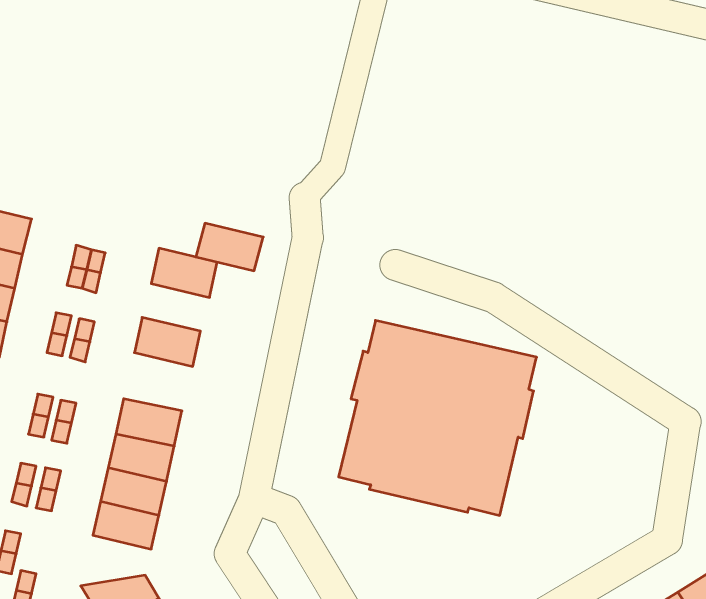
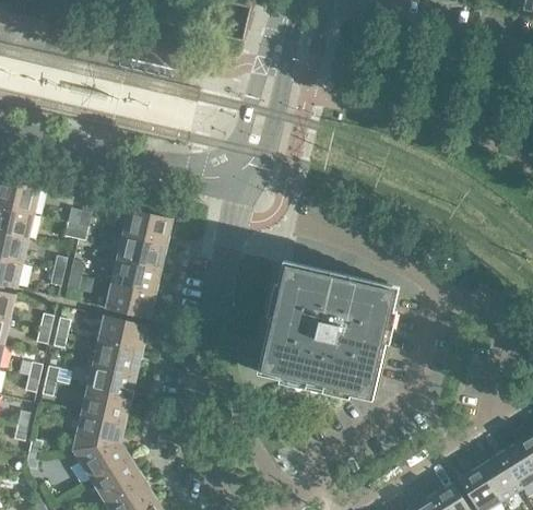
building: [196,223,263,271] -> [118,235,166,269]
building: none -> [107,284,154,319]
building: none -> [74,414,125,450]

